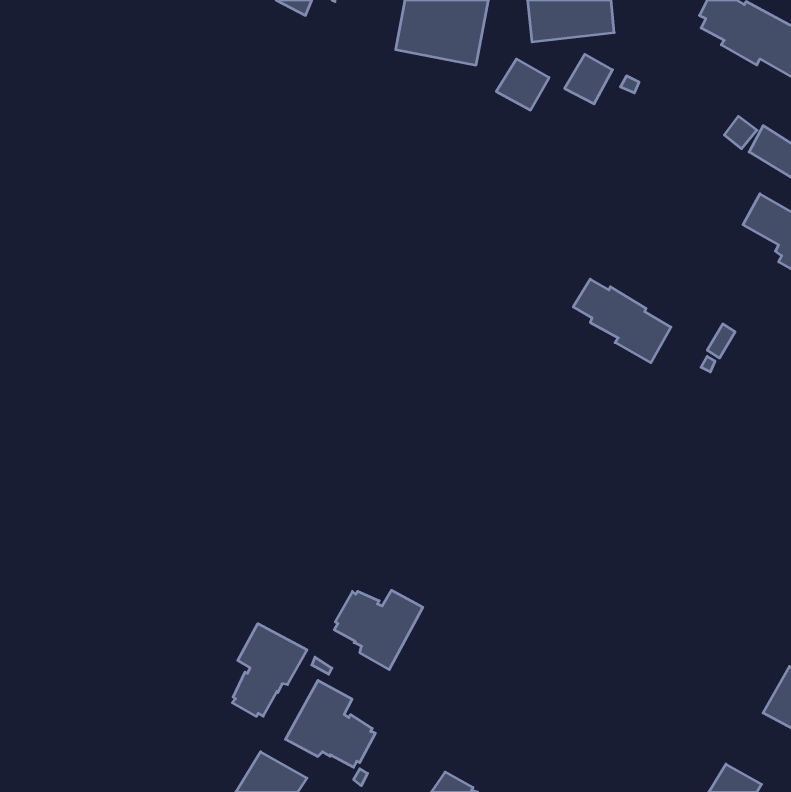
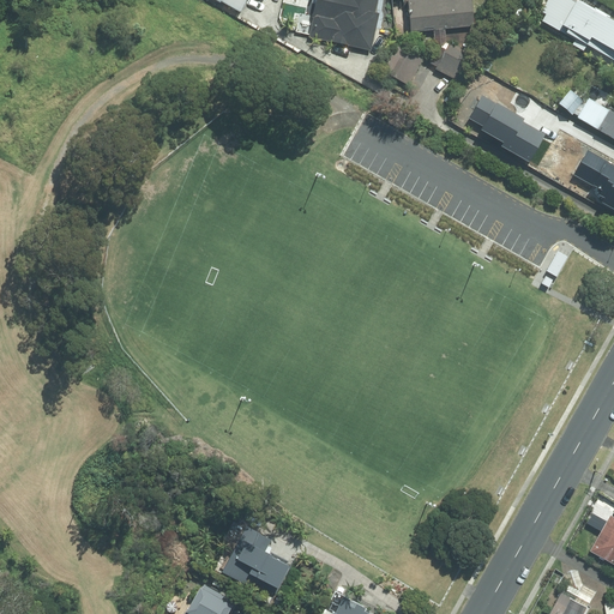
building: [573,279,671,363] -> [470,96,546,161]
building: [334,590,423,670] -> none
building: [232,624,307,716] -> none

